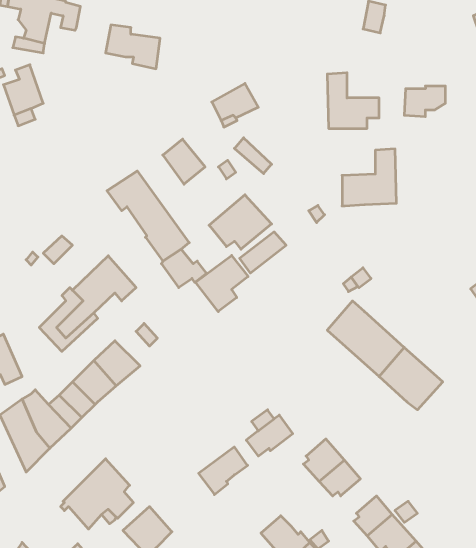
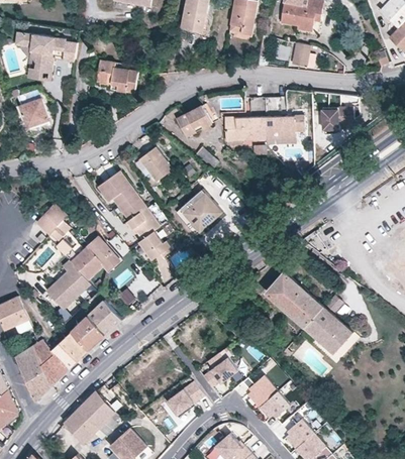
building: [342,149,396,206] -> [224,98,266,141]
building: none -> [36,203,67,234]
building: [195,255,248,312] -> none

